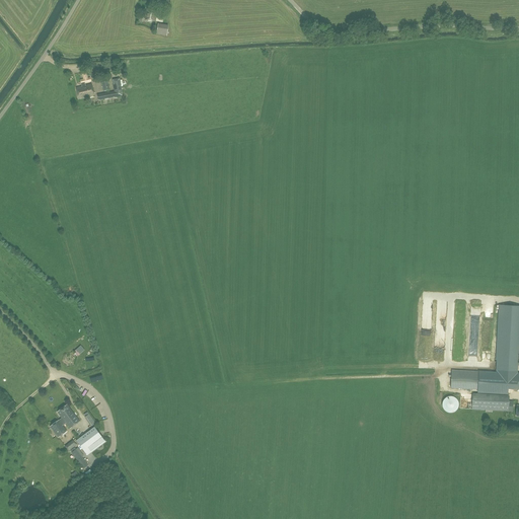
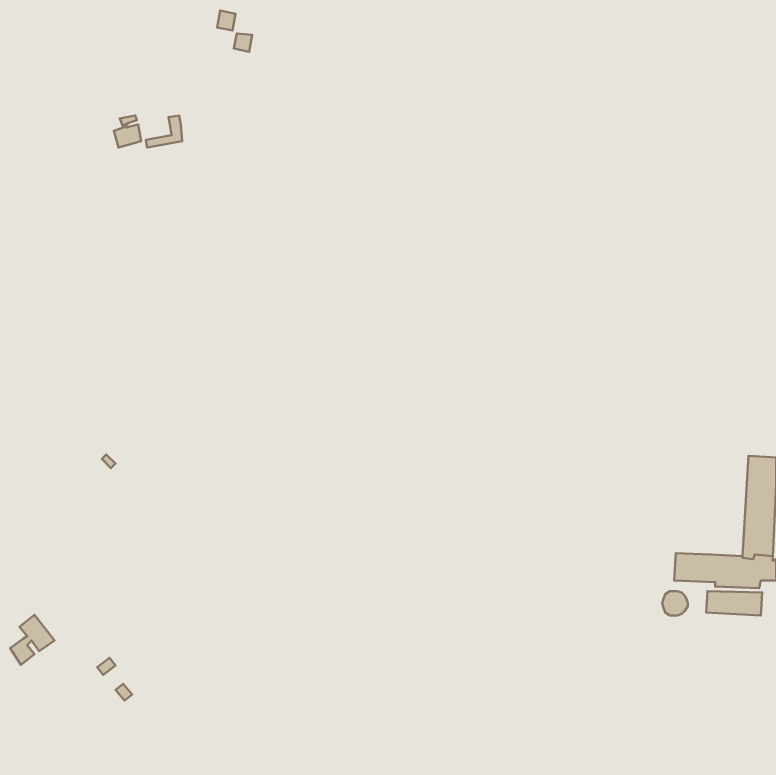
building: [51,403,80,437] -> [10,615,54,665]
building: [77,427,105,454] -> none

